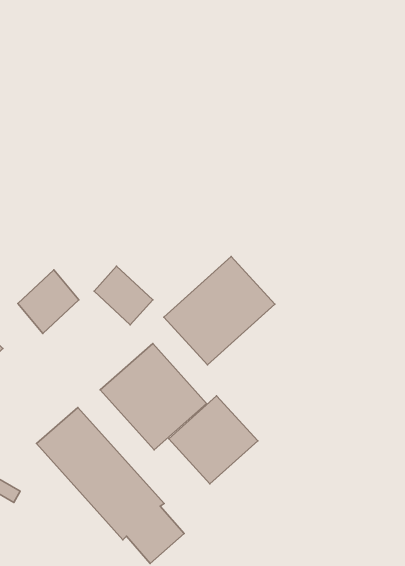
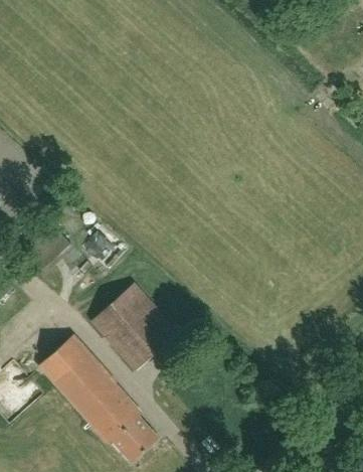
building: [164,257,275,365] -> none
building: [169,396,258,484] -> none

